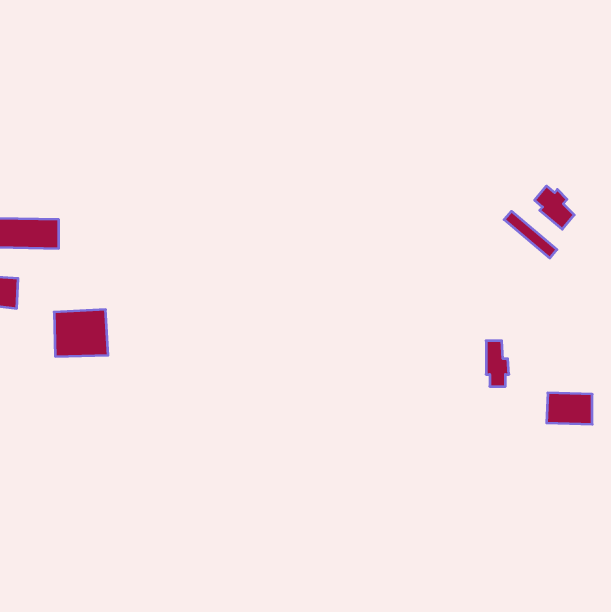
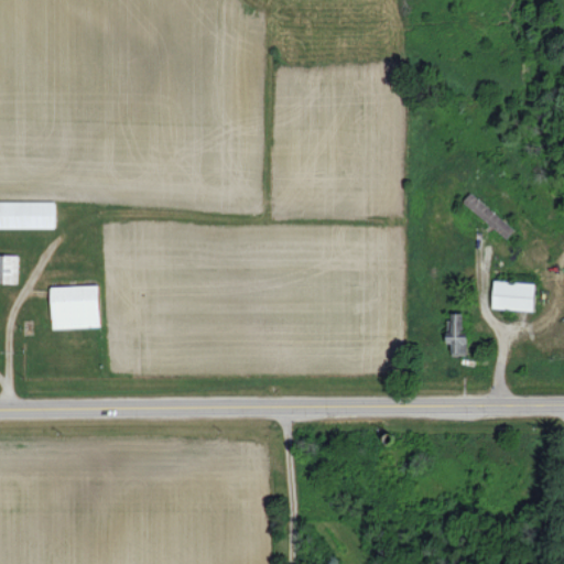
building: [535,186,574,229] -> none
building: [547,393,592,424] -> [491,282,533,311]

